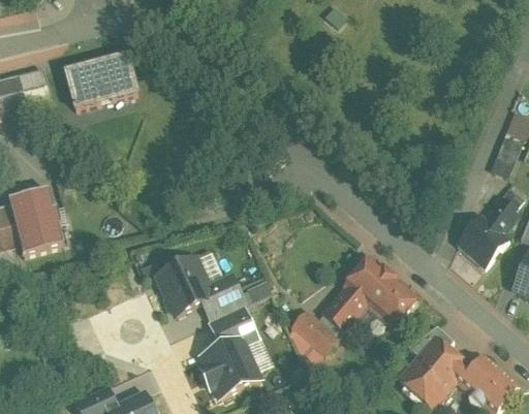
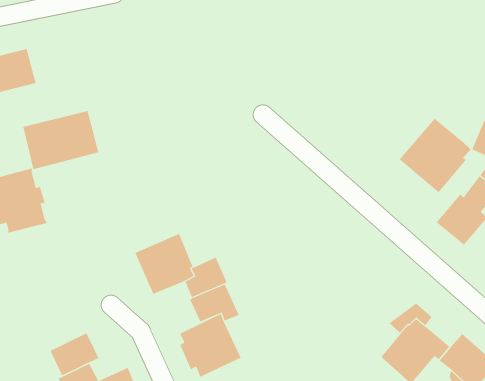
building: [64,53,142,113] -> [23,110,99,170]
building: none -> [399,118,471,193]
building: [322,257,416,331] -> none
building: [291,309,338,354] -> none
building: none -> [50,333,99,376]

